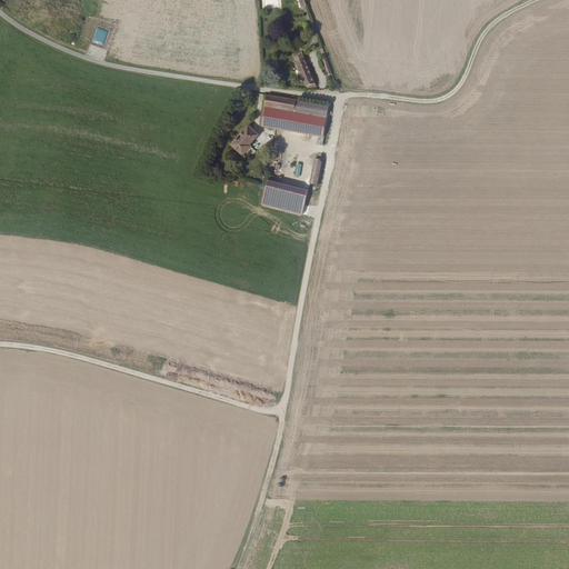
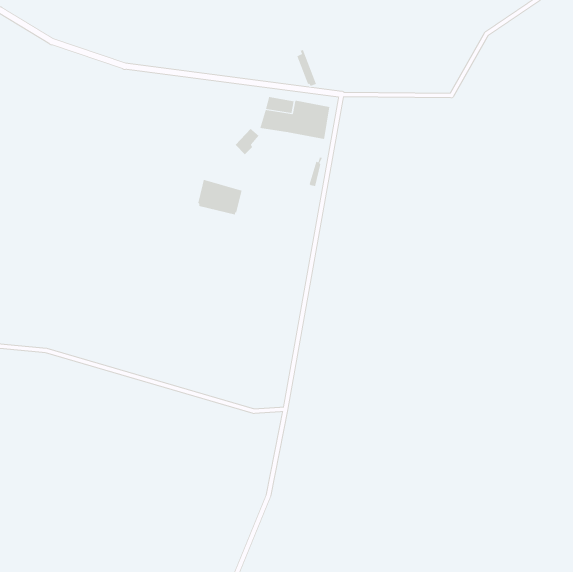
building: [263,178,308,213] -> [197,179,242,215]

